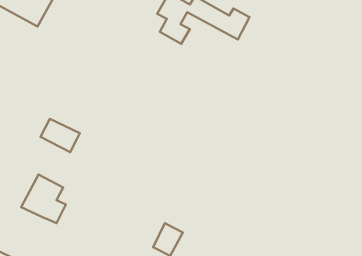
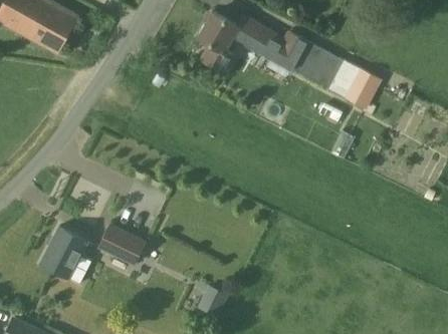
building: none -> [293,41,380,107]
building: [40,119,80,152] -> [98,225,145,264]

